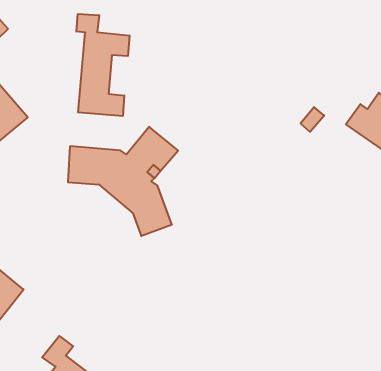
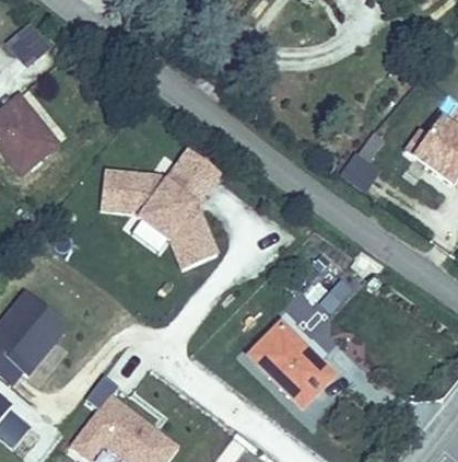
building: [76,14,129,116] -> none
building: none -> [246,266,367,407]

